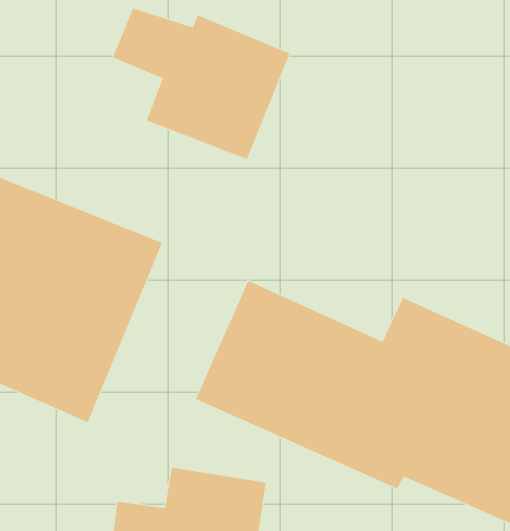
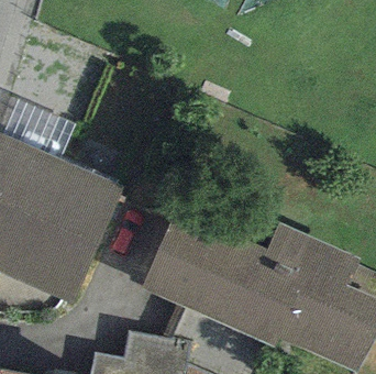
building: [112,7,290,160] -> none

